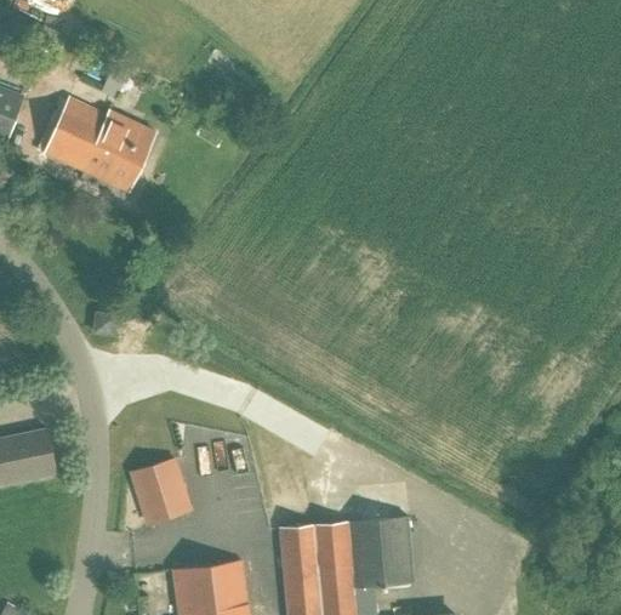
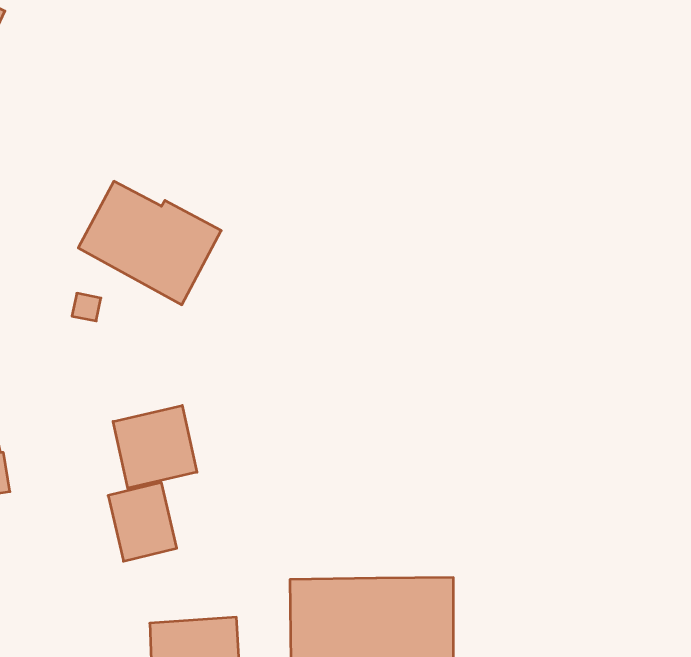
building: [44,99,155,193] -> [78,181,221,305]
building: none -> [113,405,197,488]

